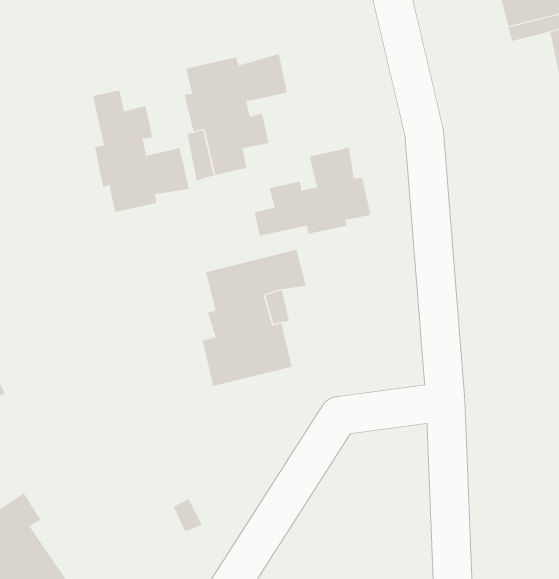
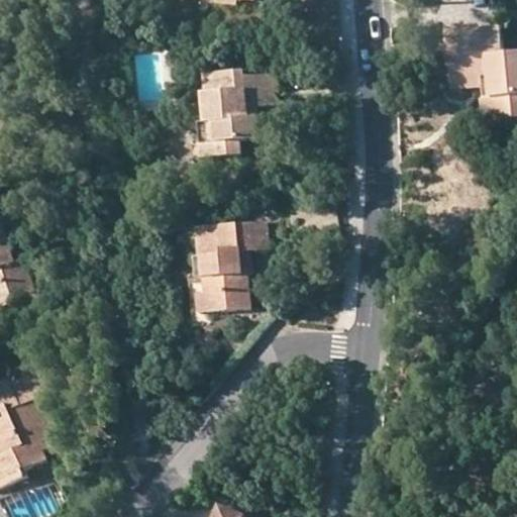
building: [93,90,190,213] -> none
building: [254,147,371,237] -> none

